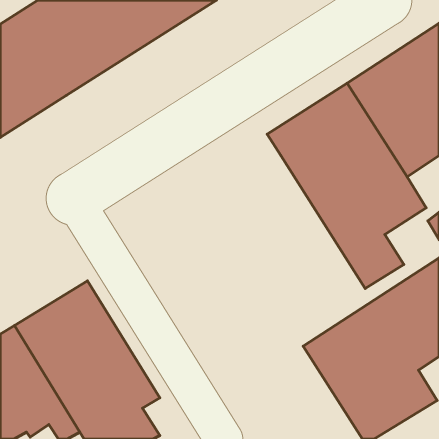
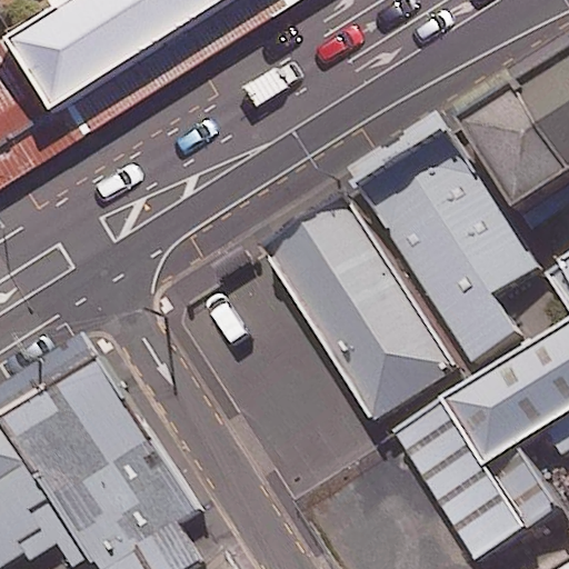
building: none -> [272,201,472,431]

